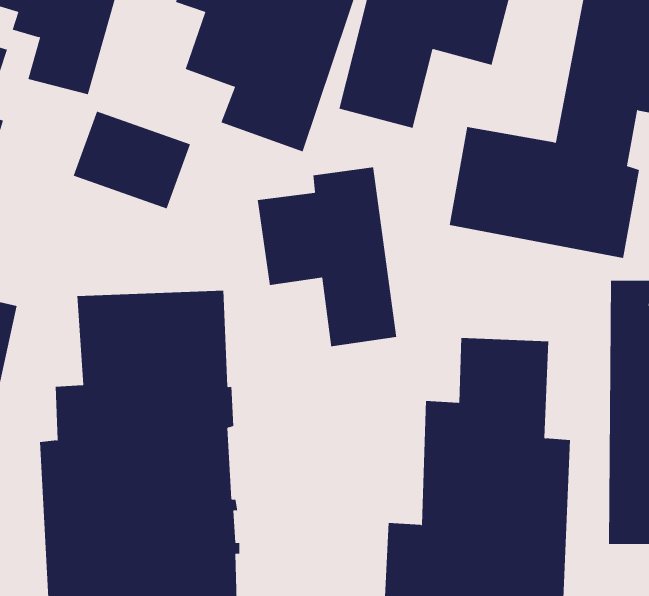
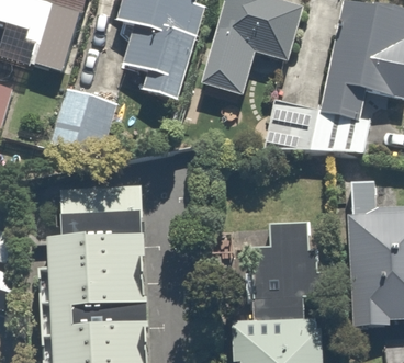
building: [257,166,397,347] -> none

